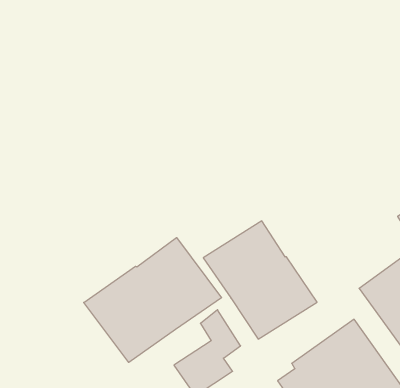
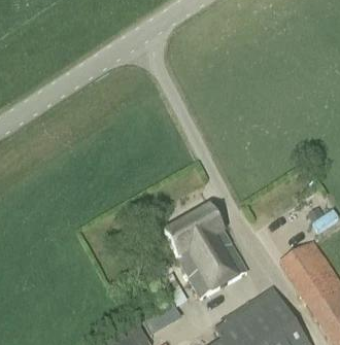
building: [84,238,222,362] -> none

